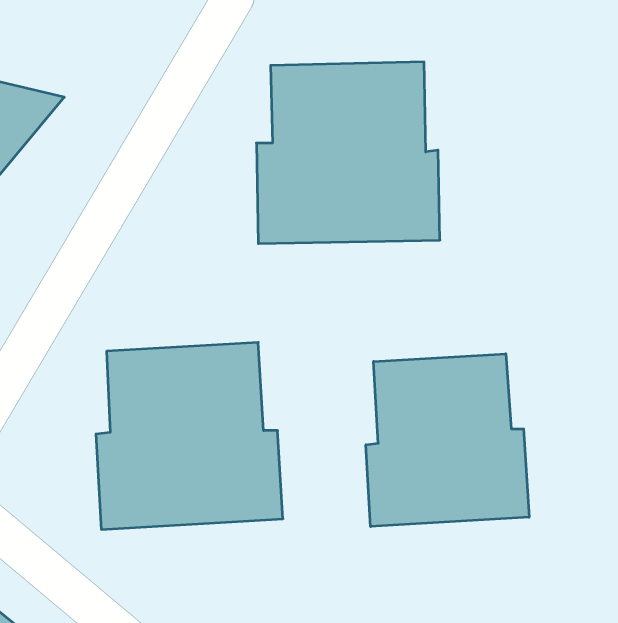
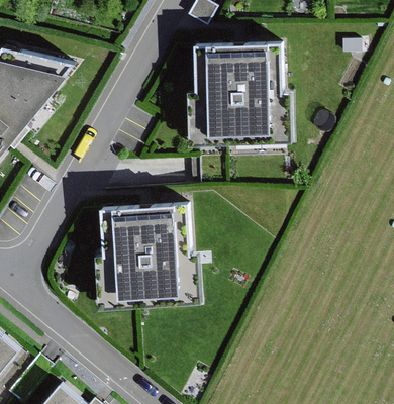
building: [366,354,529,527] -> none

